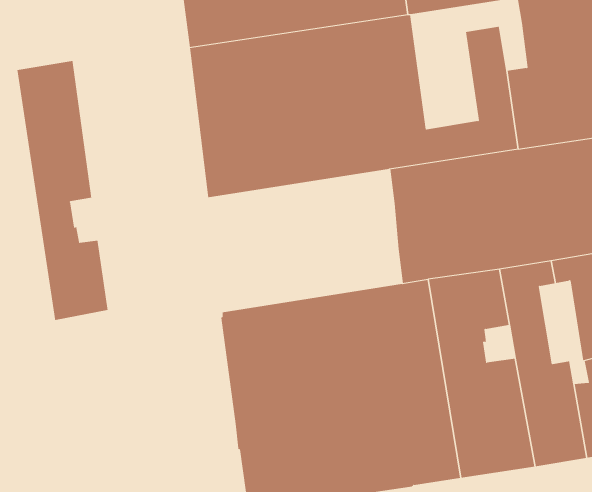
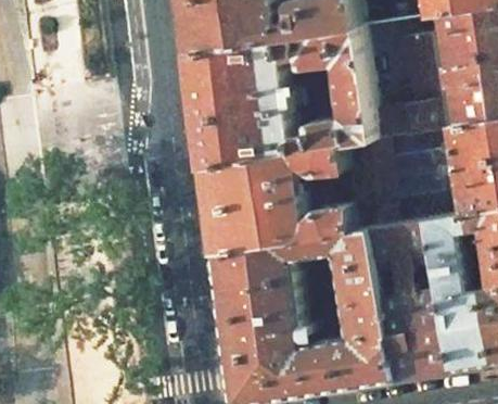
building: [17,60,108,321] -> none
building: none -> [200,146,347,254]

